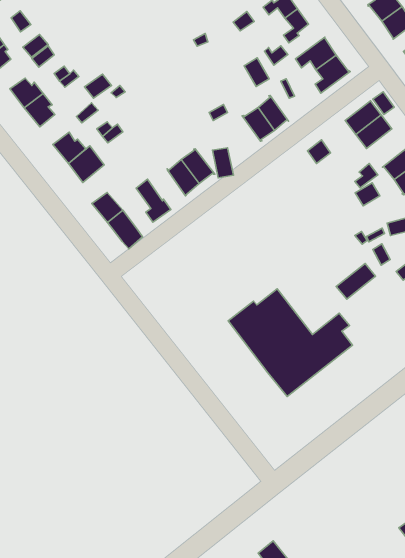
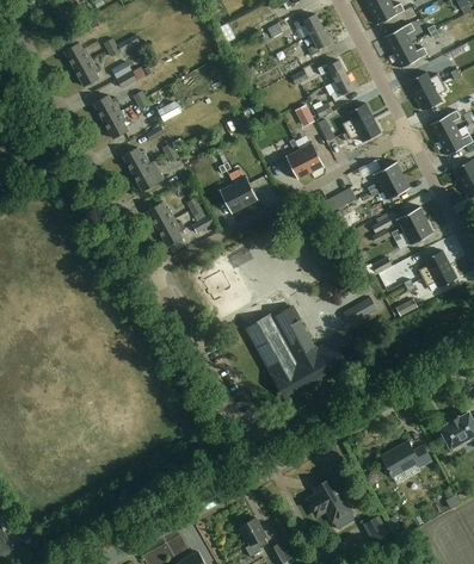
building: none -> [308,479,347,515]

